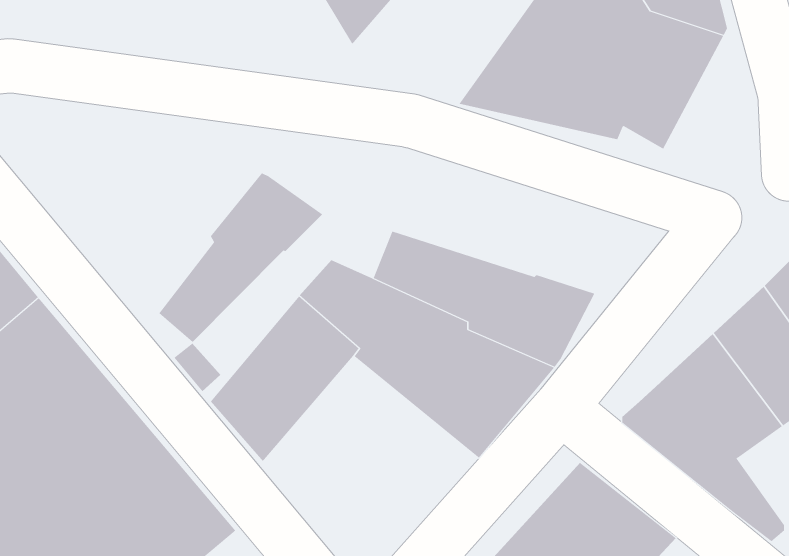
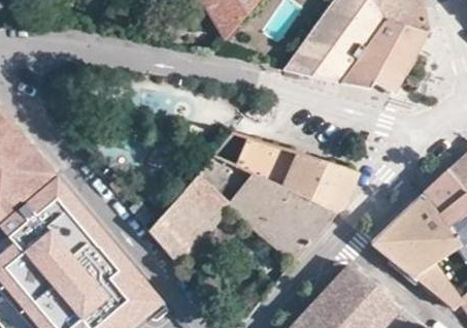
building: [158,172,323,343] -> none

